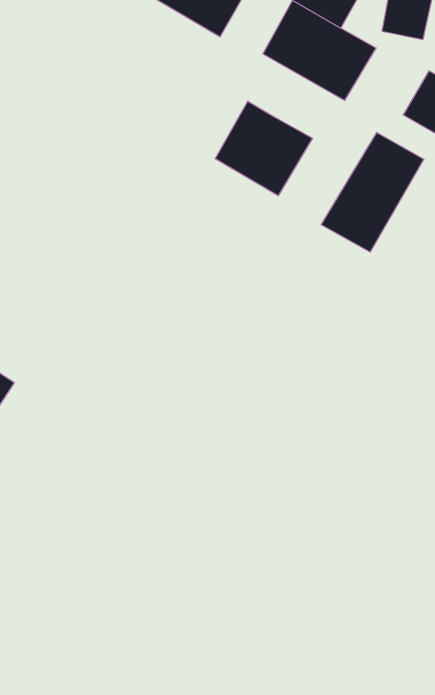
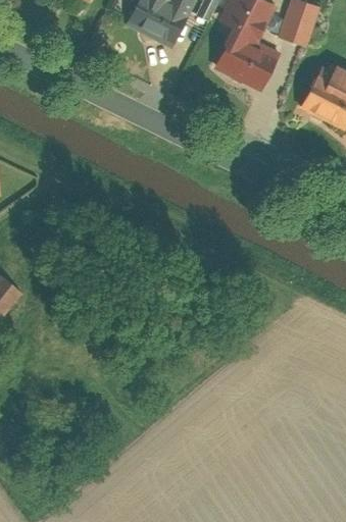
building: [215,101,312,196] -> none
building: [321,132,424,252] -> none

